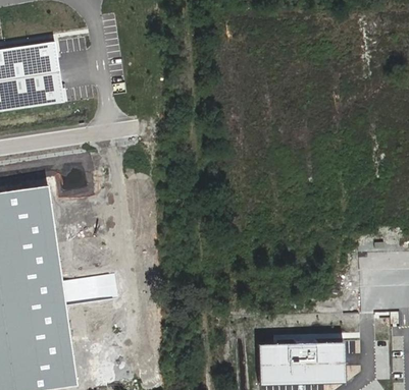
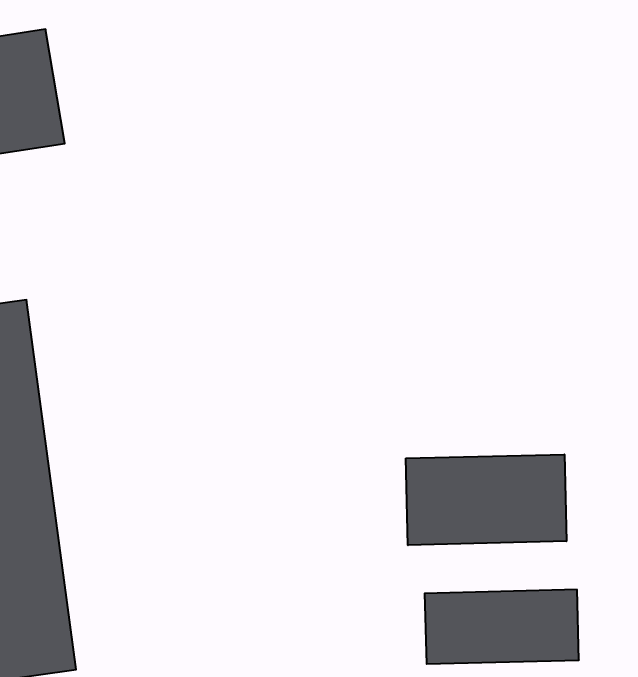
building: none -> [406,454,566,545]

